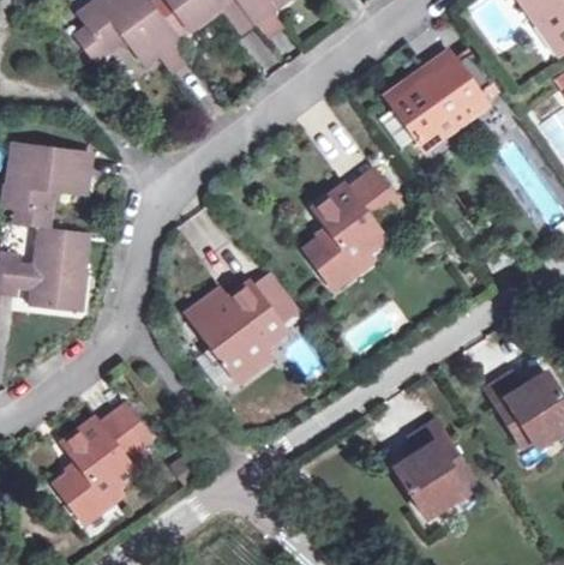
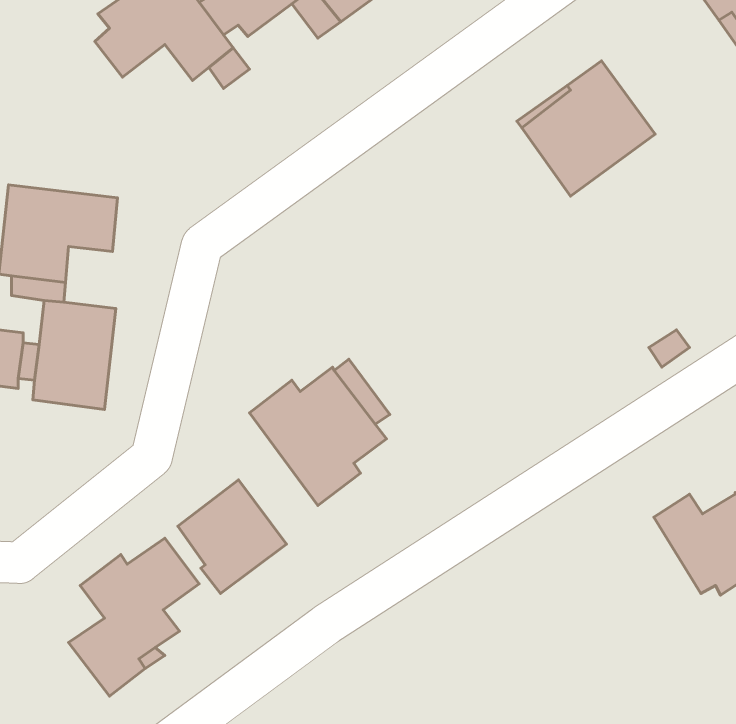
building: [305,169,400,285] -> none
building: none -> [178,480,287,594]
building: [394,417,472,515] -> none

